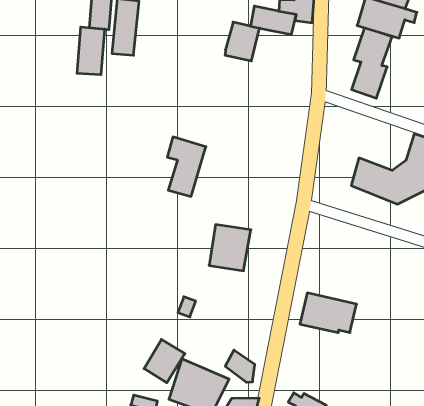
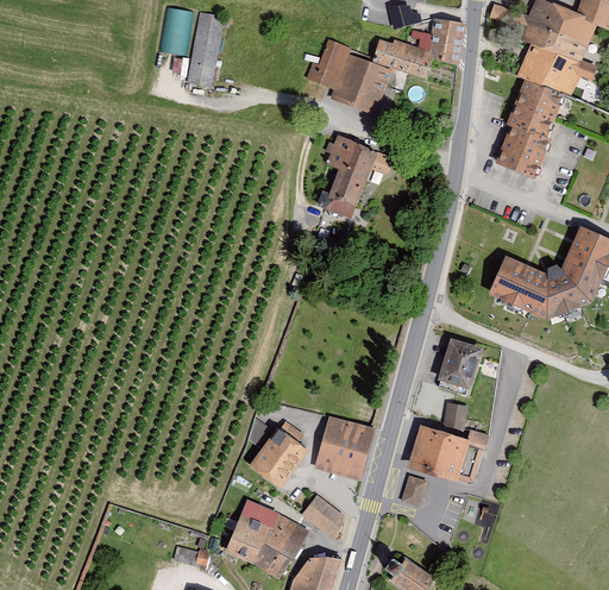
building: none -> [302,43,351,94]
building: [77,27,104,75] -> none
building: [167,137,206,196] -> [324,137,378,218]
building: [209,225,251,271] -> [315,415,375,479]
building: none -> [439,338,482,387]
building: none -> [442,401,467,428]
building: none -> [401,475,428,504]
building: [144,339,185,383] -> [251,429,307,488]

